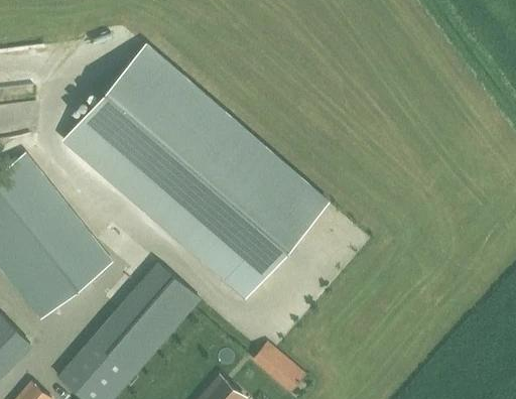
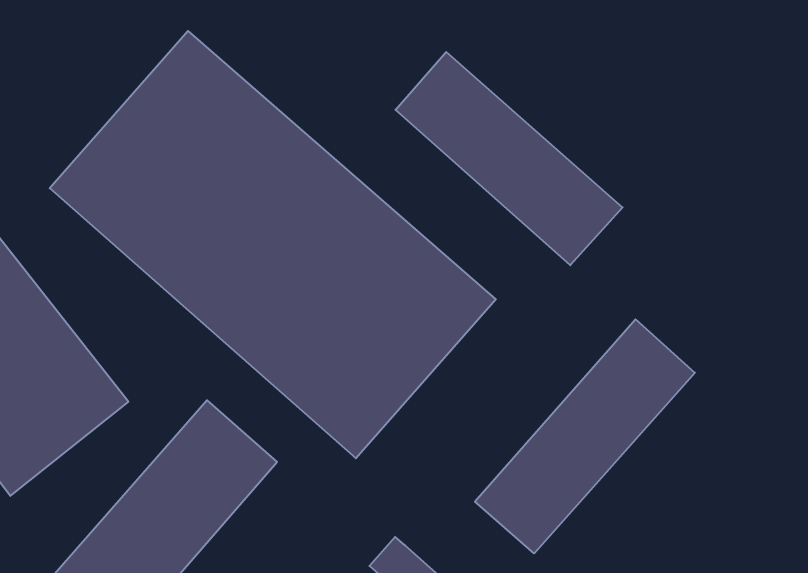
building: none -> [395,52,623,265]
building: none -> [475,319,695,553]

